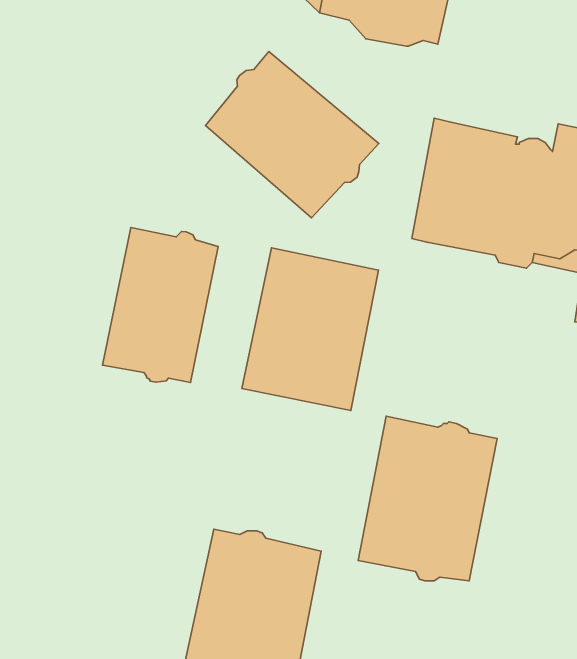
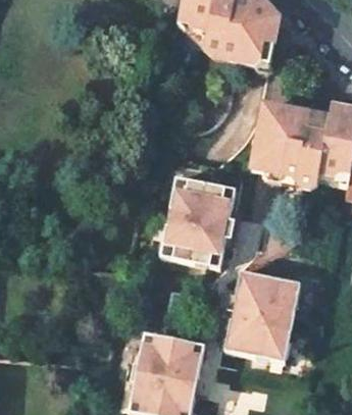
building: [206,51,379,218] -> none
building: [103,228,218,383] -> none

